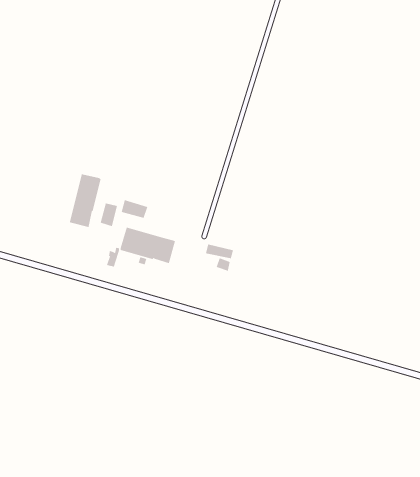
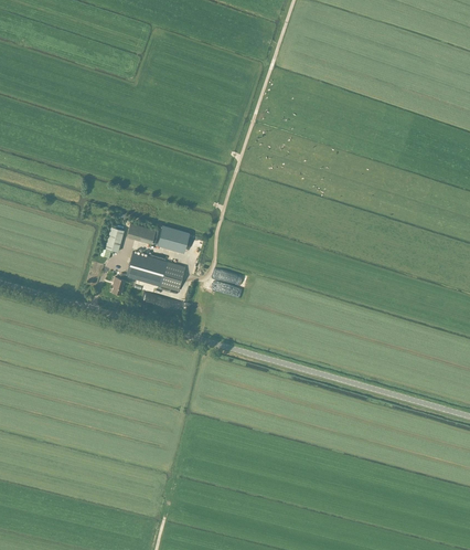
building: [69,174,101,228] -> none
building: none -> [157,226,183,251]

